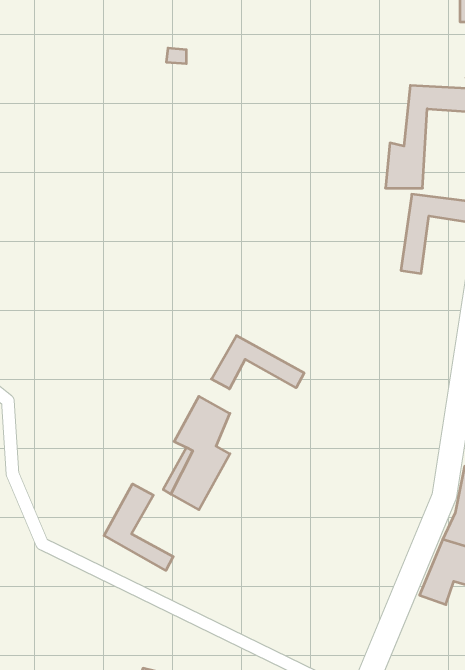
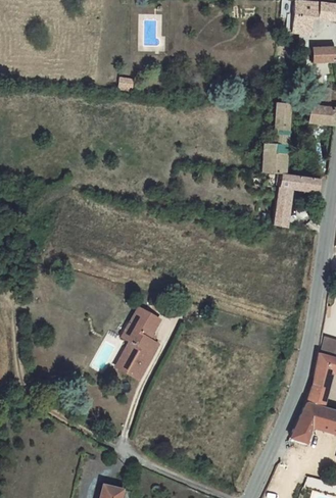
building: [211,336,304,389] -> none
building: [104,484,173,570] -> none

